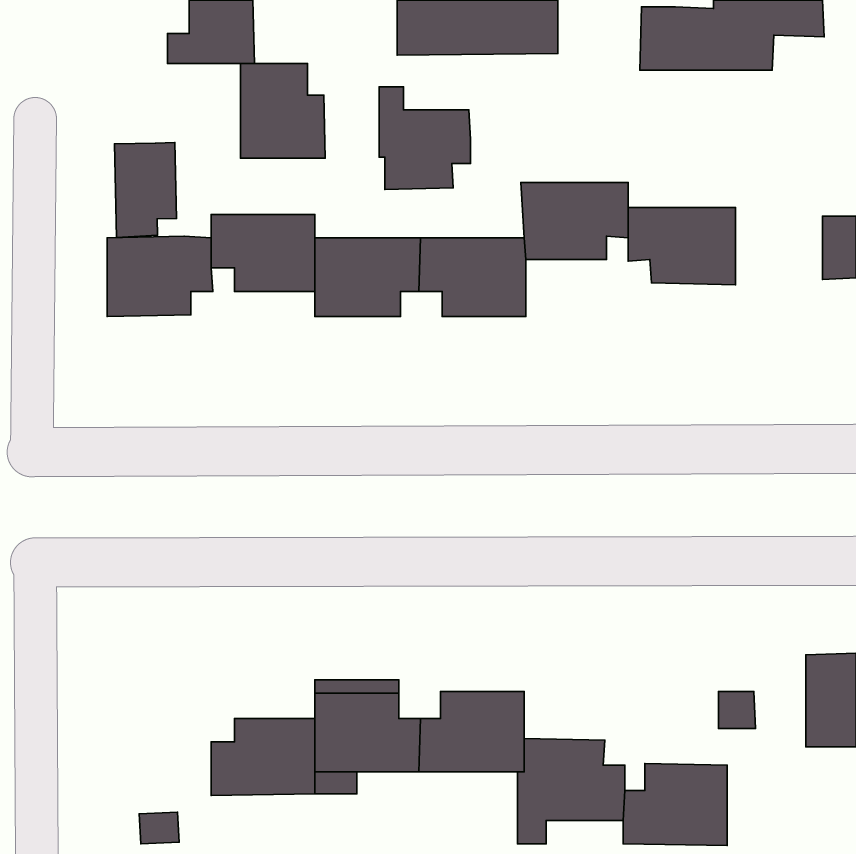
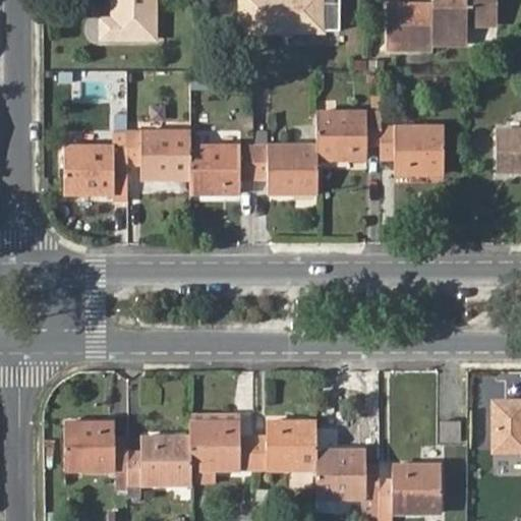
building: [240,64,325,158] -> none
building: [379,87,470,190] -> none
building: [115,143,176,238] -> none
building: none -> [65,422,128,470]

